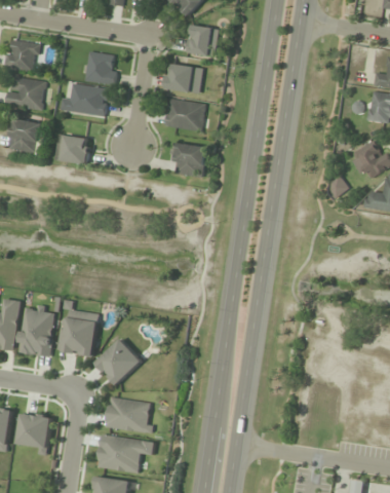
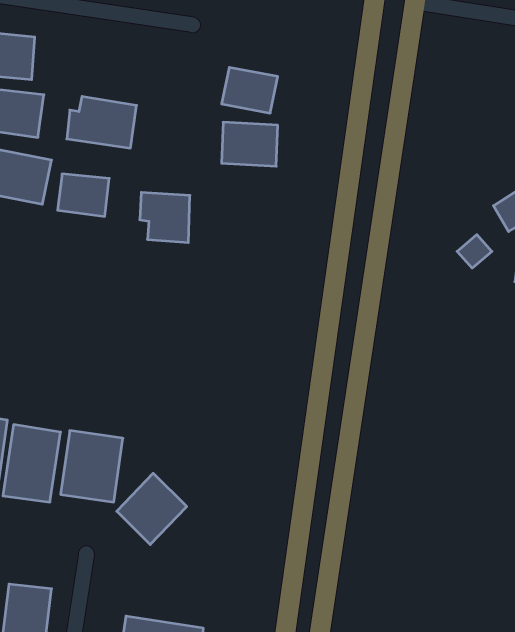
building: [186,25,212,55] -> none
building: [84,51,117,84] -> none
building: [170,143,204,177] -> [140,192,190,243]
building: [105,396,153,432] -> none

